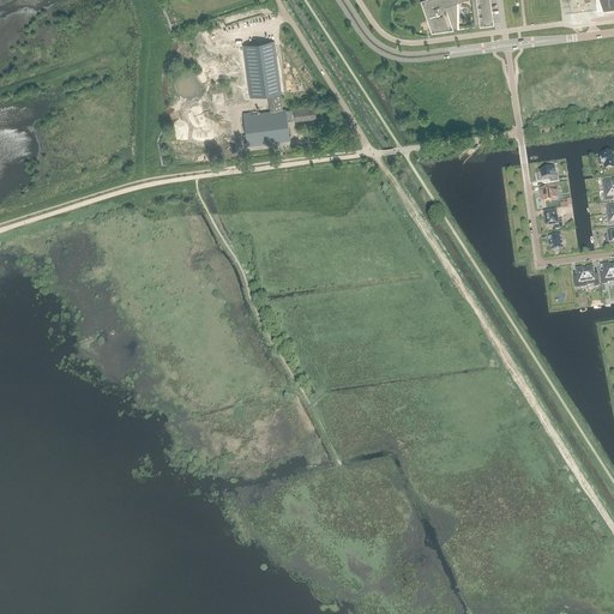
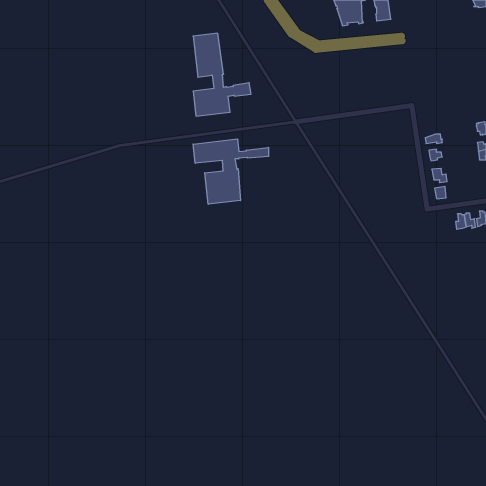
building: none -> [193,139,269,204]

